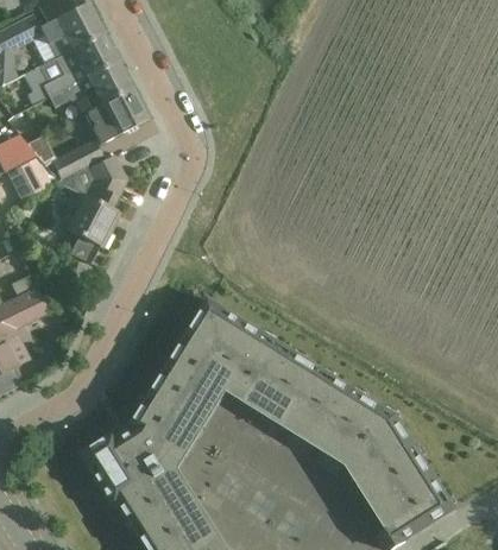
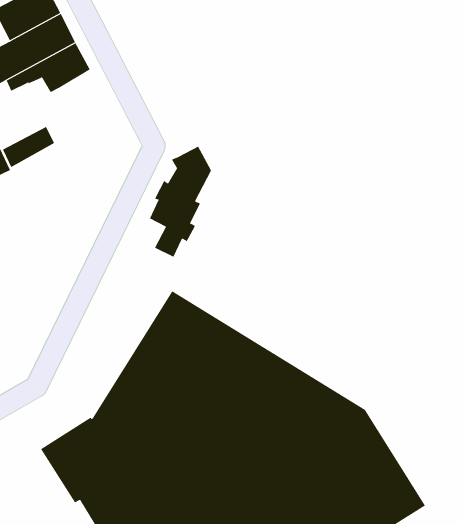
building: [83,86,147,144] -> none
building: [65,154,126,263] -> [149,146,212,258]

